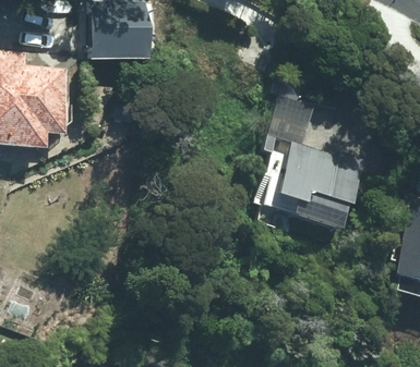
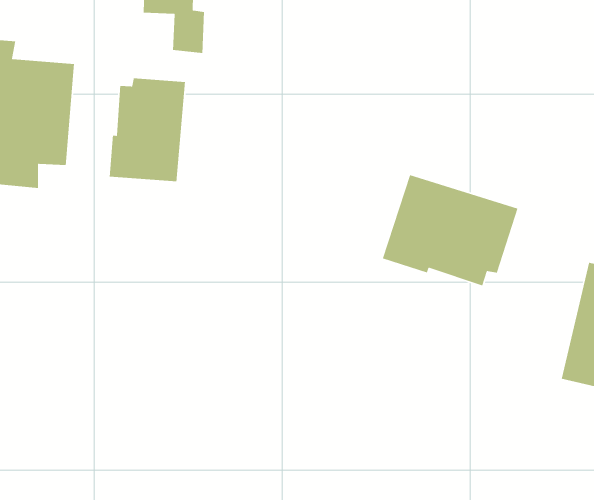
building: none -> [109,77,186,182]

